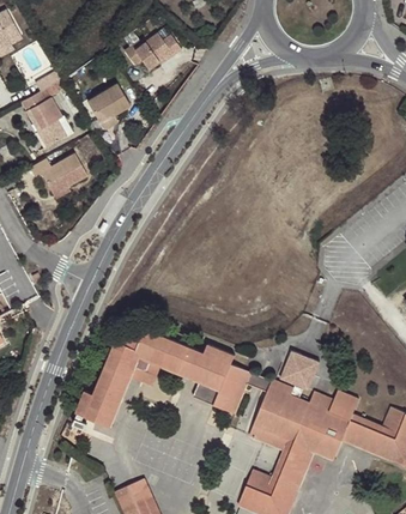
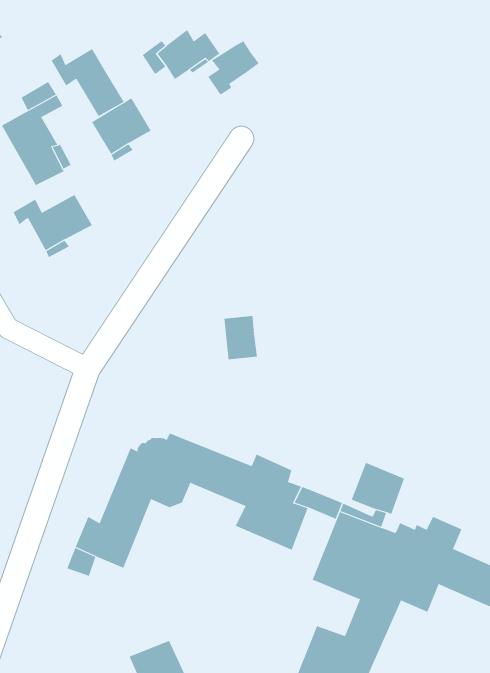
building: none -> [207,40,260,96]
building: none -> [51,48,125,117]
building: none -> [224,315,257,360]

